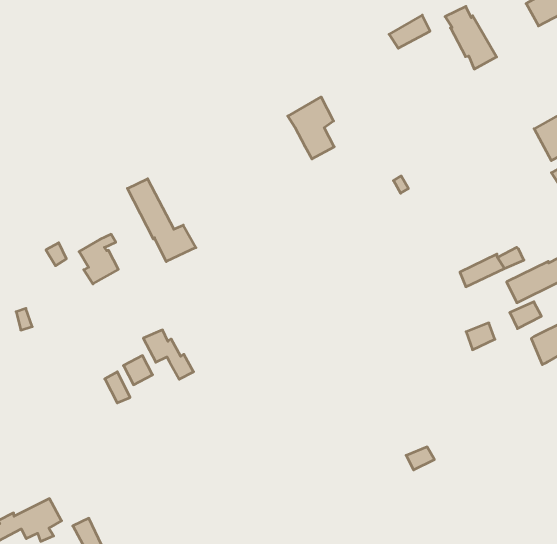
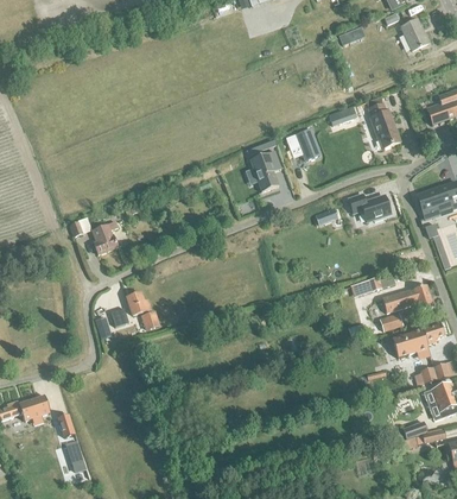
building: none -> [286,128,320,160]
building: none -> [348,194,389,221]
building: [127,179,196,262] -> none

